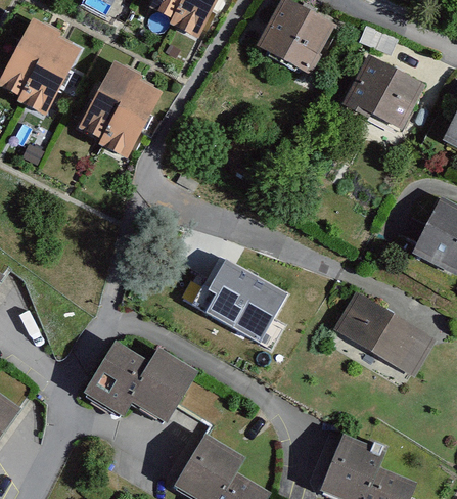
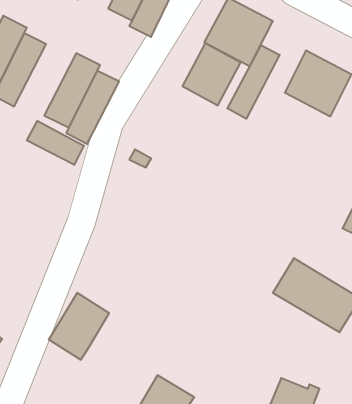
building: none -> [183,43,240,106]
building: none -> [227,45,280,119]
building: none -> [27,121,84,165]
building: [188,255,284,348] -> none
building: [127,345,193,416] -> none

